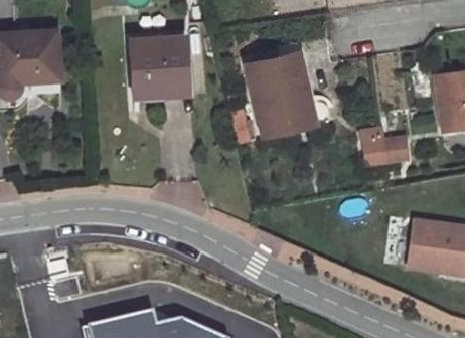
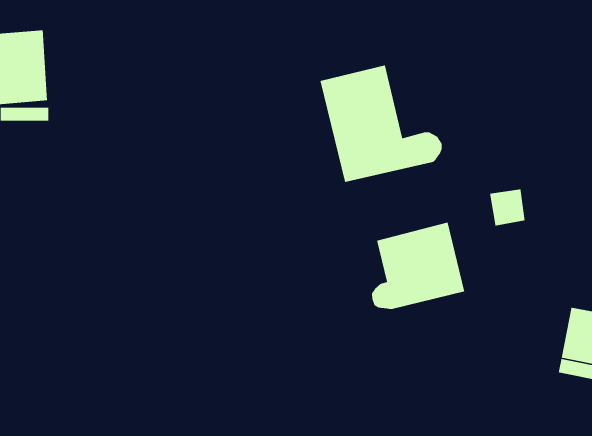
building: [130,35,186,97] -> none
building: none -> [371,222,465,310]

